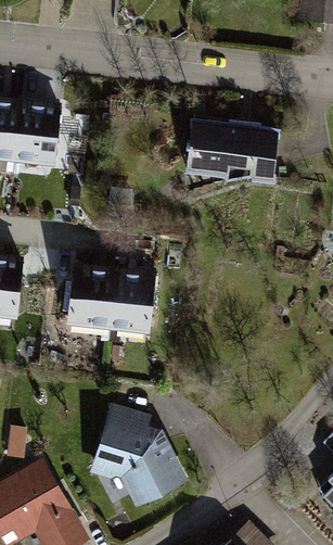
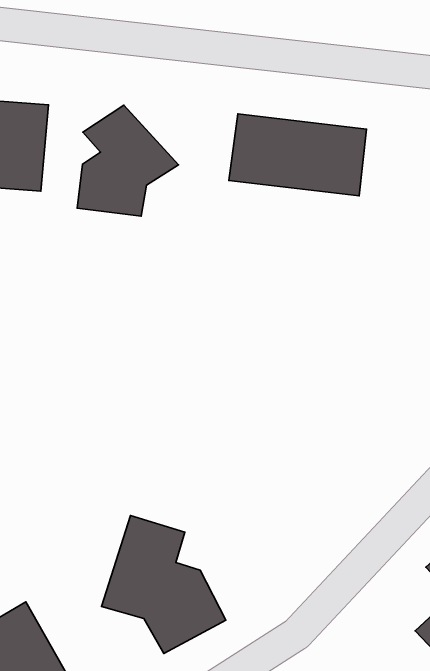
building: none -> [77,105,179,216]
building: [59,266,150,339] -> none

